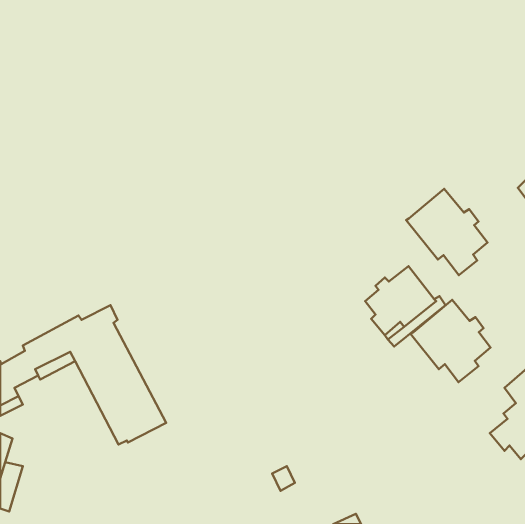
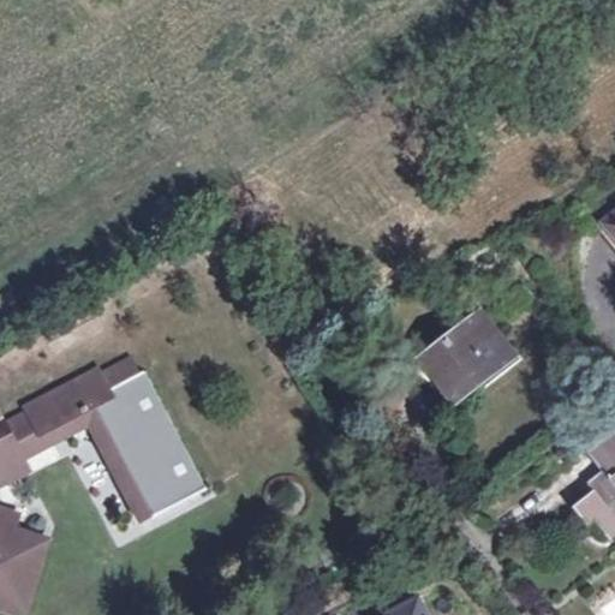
building: [406,189,487,275] -> none
building: [410,300,491,382] -> none

